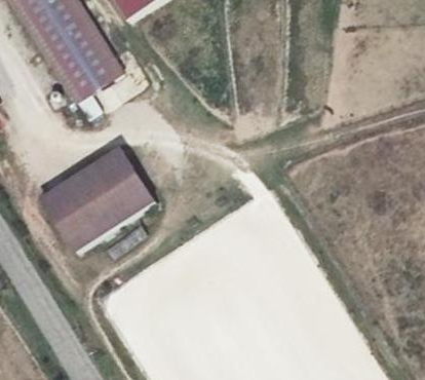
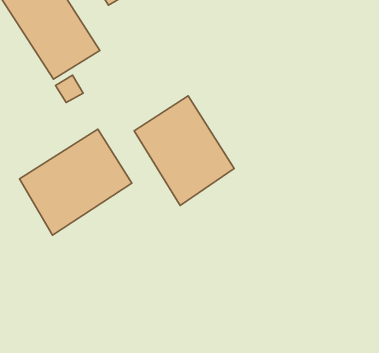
building: none -> [134,96,234,206]

